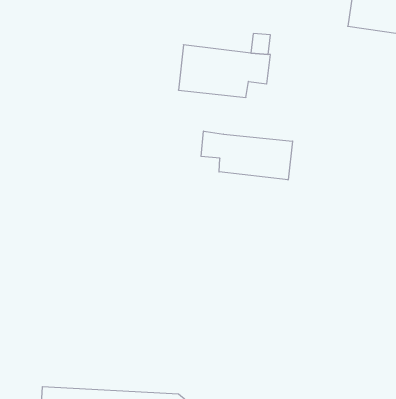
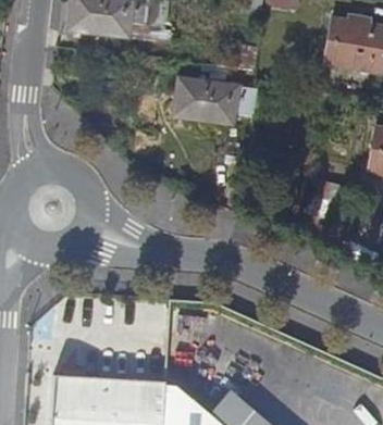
building: [201,131,293,180] -> none

